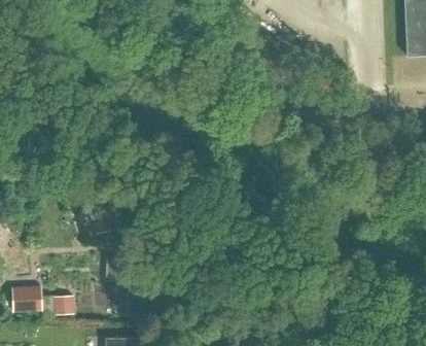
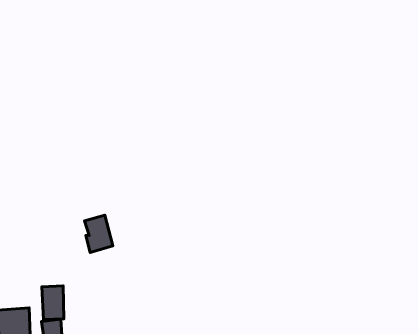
building: none -> [42,286,64,320]

